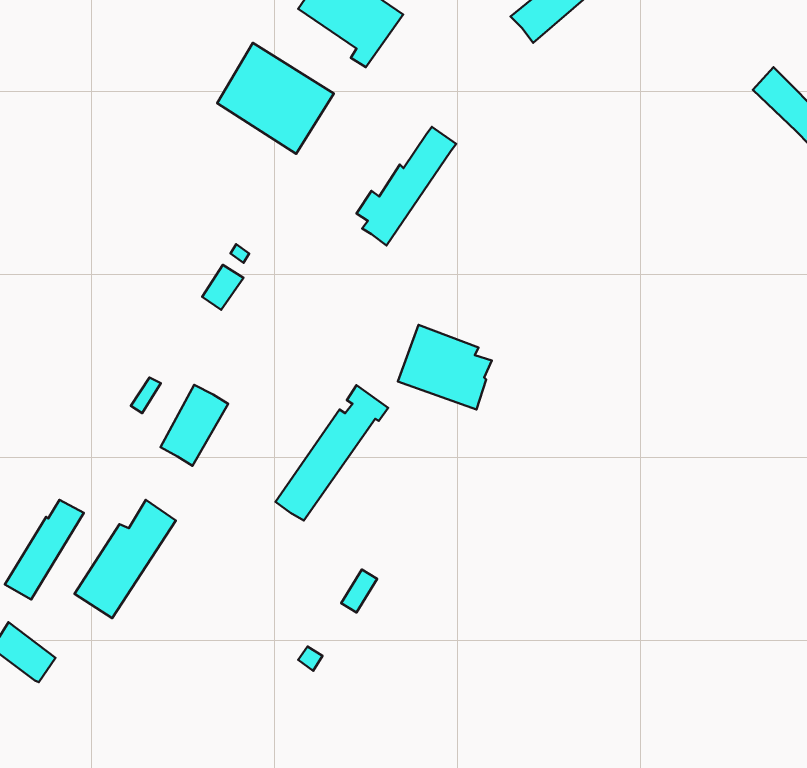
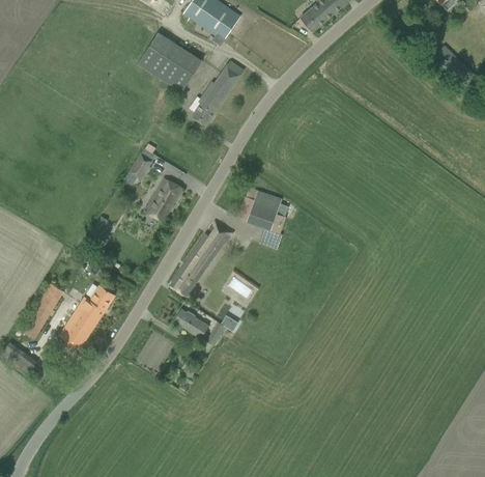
building: [357,127,456,245] -> [189,61,244,127]
building: [160,385,228,466] -> [145,177,182,222]
building: none -> [173,309,209,340]

